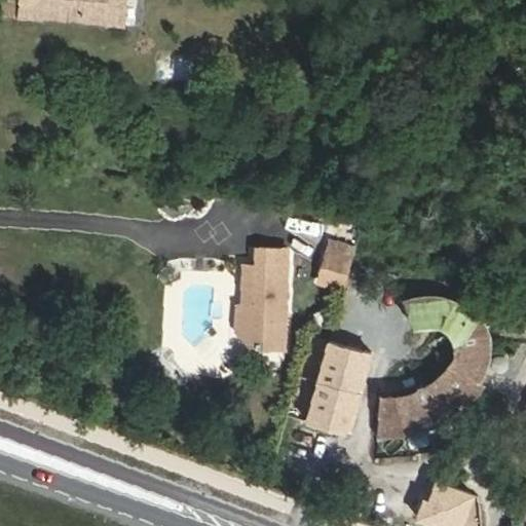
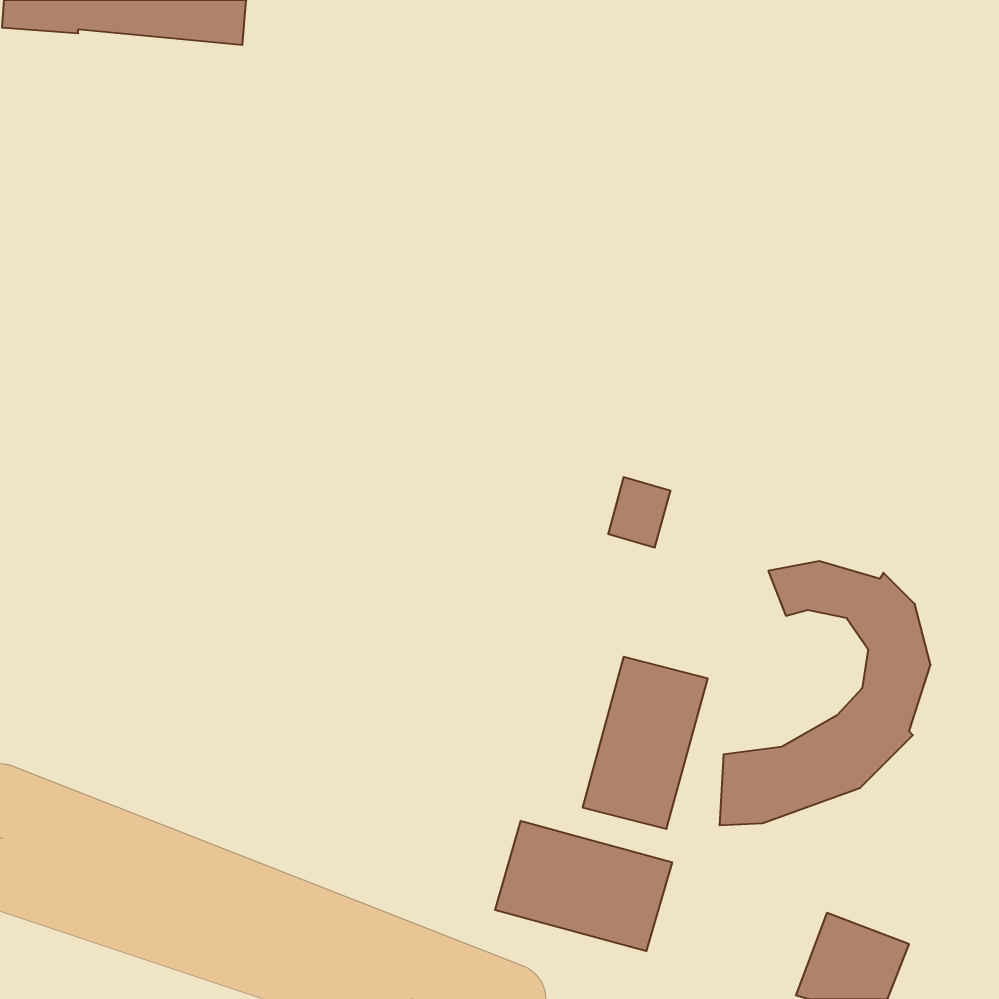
building: [241,251,287,349] -> none
building: none -> [495,821,672,951]

